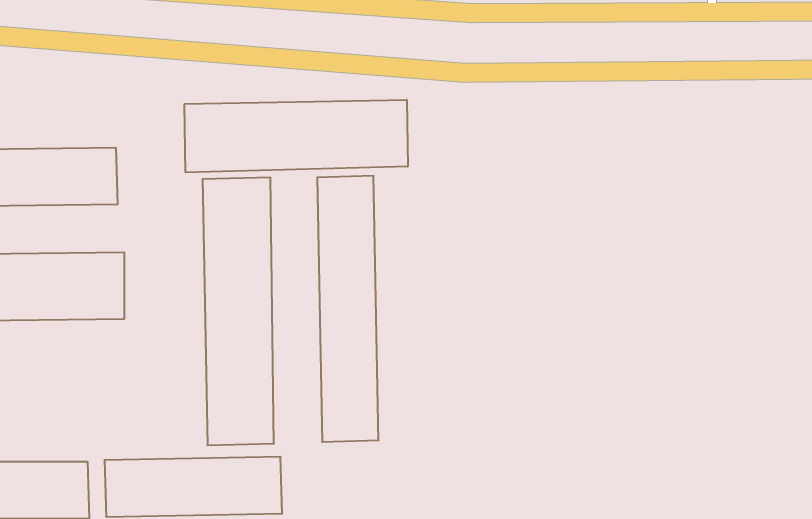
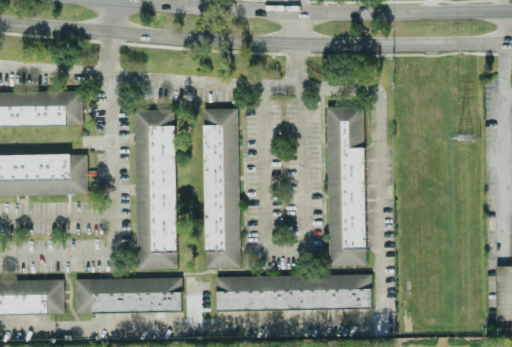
building: [185,100,408,172] -> none
building: none -> [325,107,364,266]
building: none -> [215,274,370,310]

